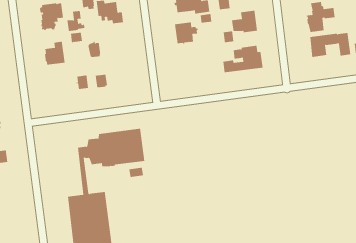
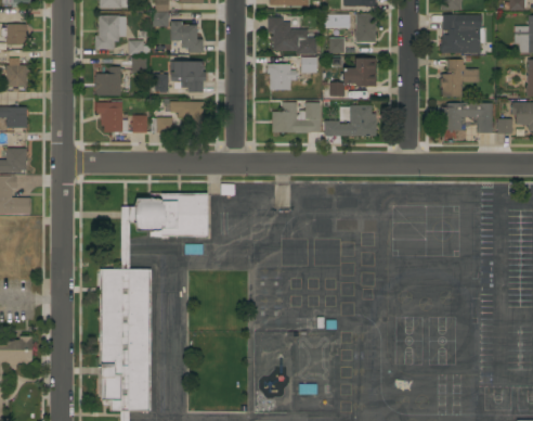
building: none -> [171,62,207,92]
building: none -> [273,102,321,133]
building: none -> [170,102,204,133]
building: none -> [98,102,129,132]

